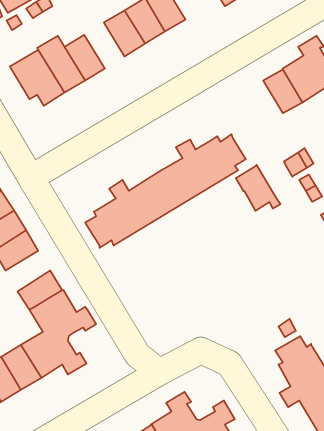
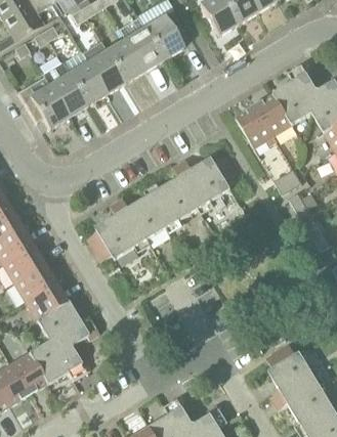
building: none -> [82,41,125,93]
building: [236,165,280,211] -> [236,104,278,147]
building: none -> [13,264,55,302]

